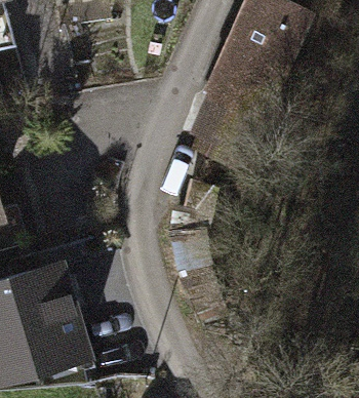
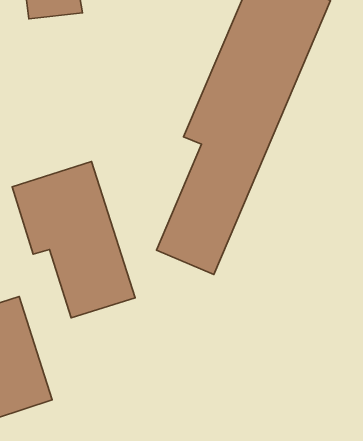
building: none -> [12,161,135,318]

